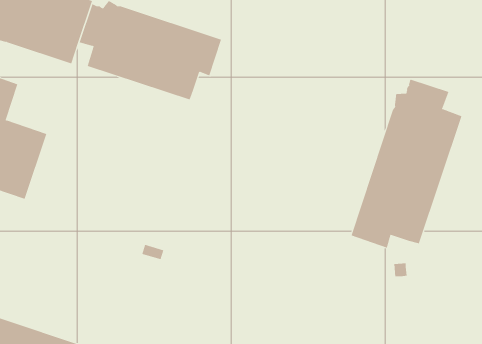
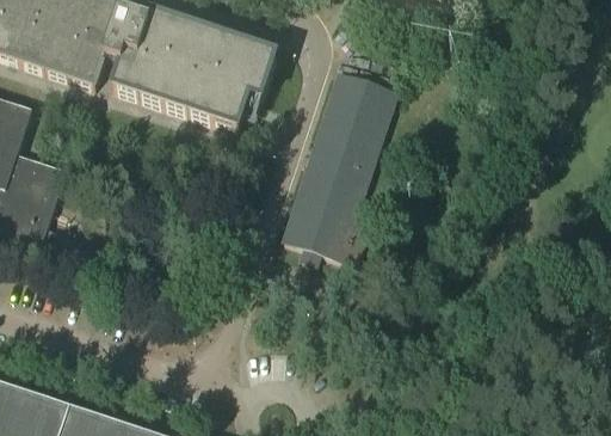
building: none -> [284,69,396,259]
building: [351,79,462,248] -> none

